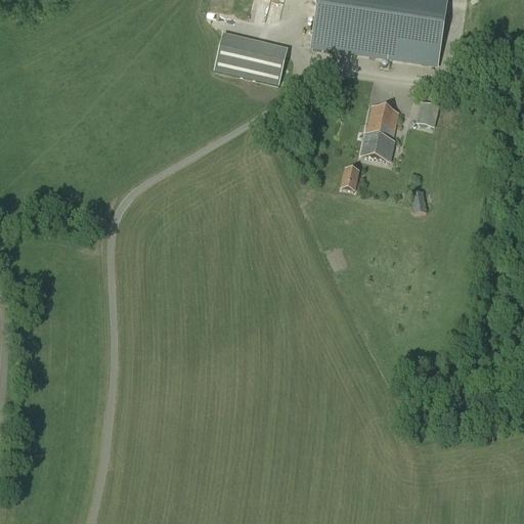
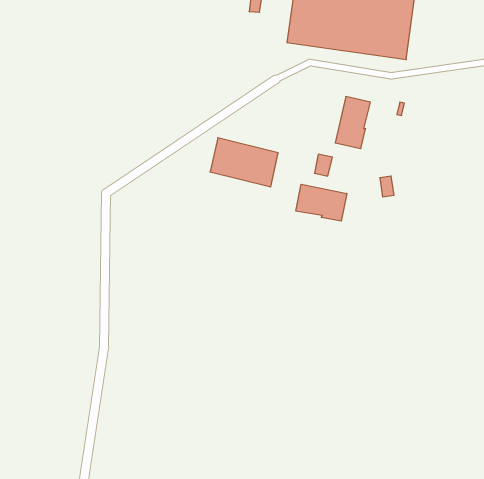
building: [214,31,288,84] -> [210,138,278,187]
building: none -> [296,184,347,221]

